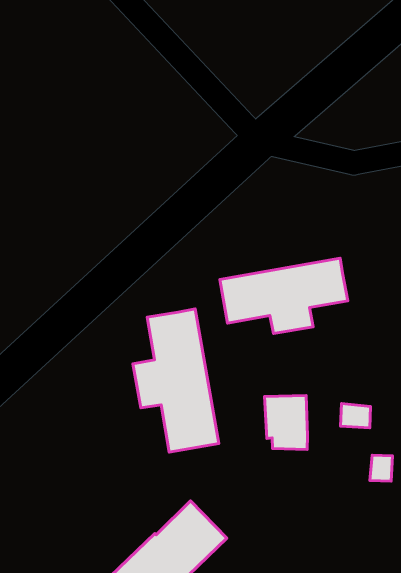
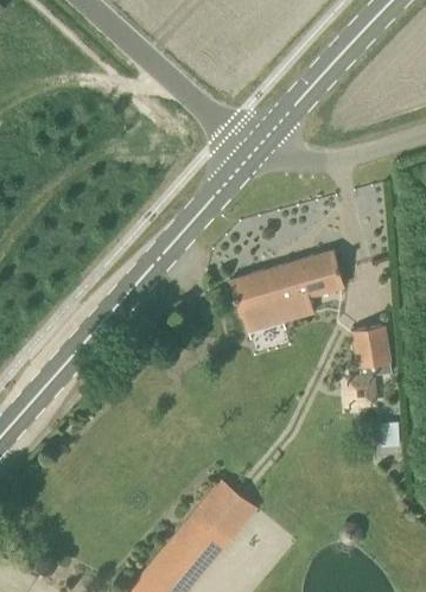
building: [133,309,219,452] -> none
building: [264,396,307,449] -> [349,326,392,376]

